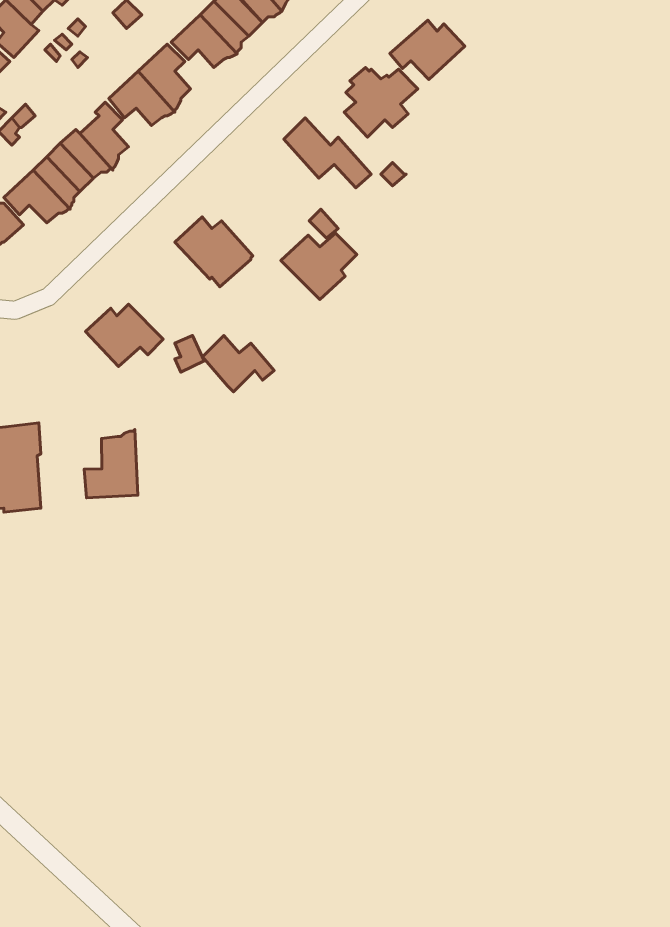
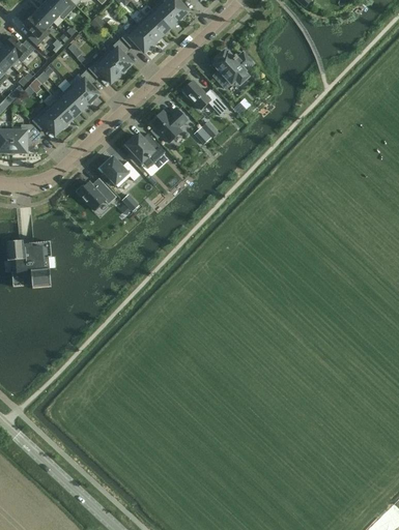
building: [390,20,465,79] -> none
building: [281,233,357,299] -> [147,108,188,143]
building: [202,335,274,392] -> [101,156,139,186]
building: [84,429,138,498] -> none

